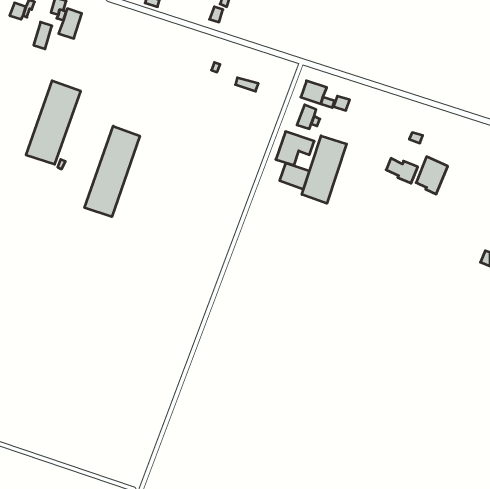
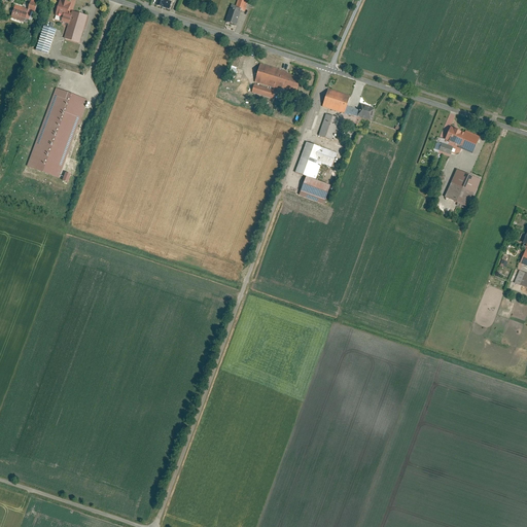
building: none -> [254,62,301,92]
building: [85,126,140,217] -> none
building: [302,136,347,203] -> none
building: [386,158,418,183] -> [446,126,480,152]

